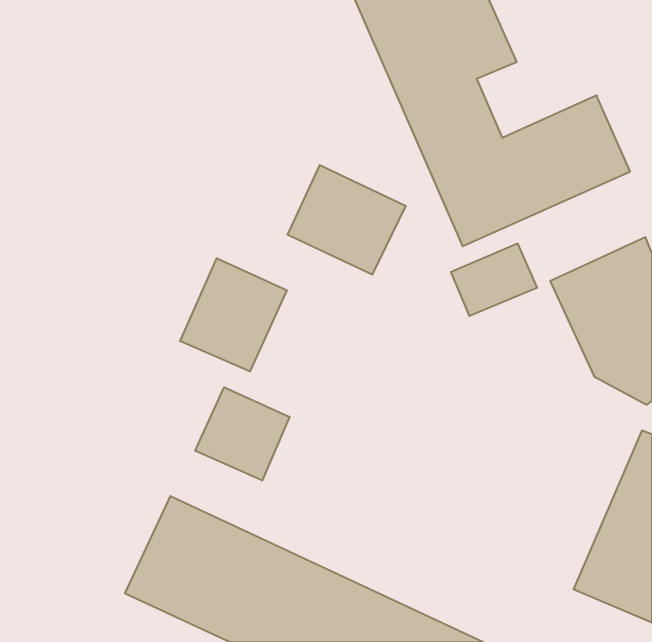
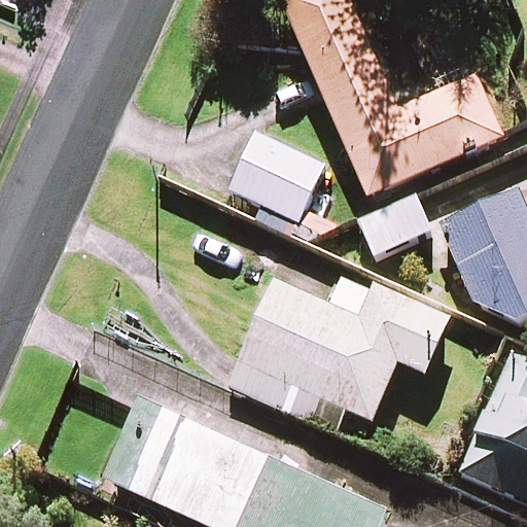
building: [180,258,287,371] -> none
building: none -> [231,271,450,429]
building: [195,387,290,481] -> none

